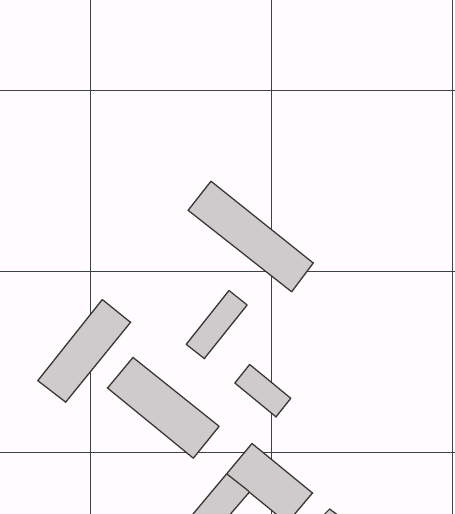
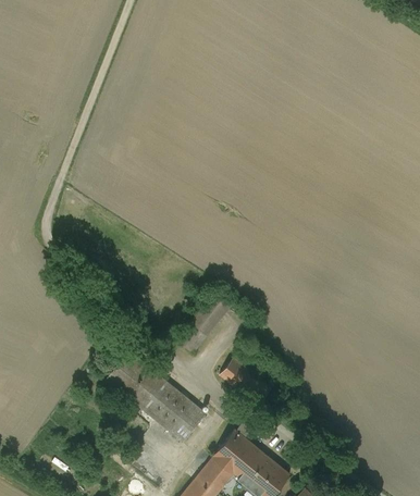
building: [188,181,313,292] -> none
building: [38,300,131,402] -> none

